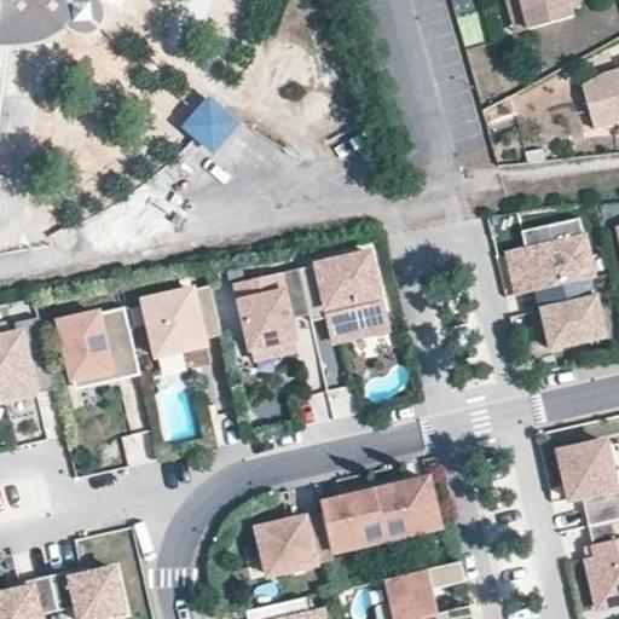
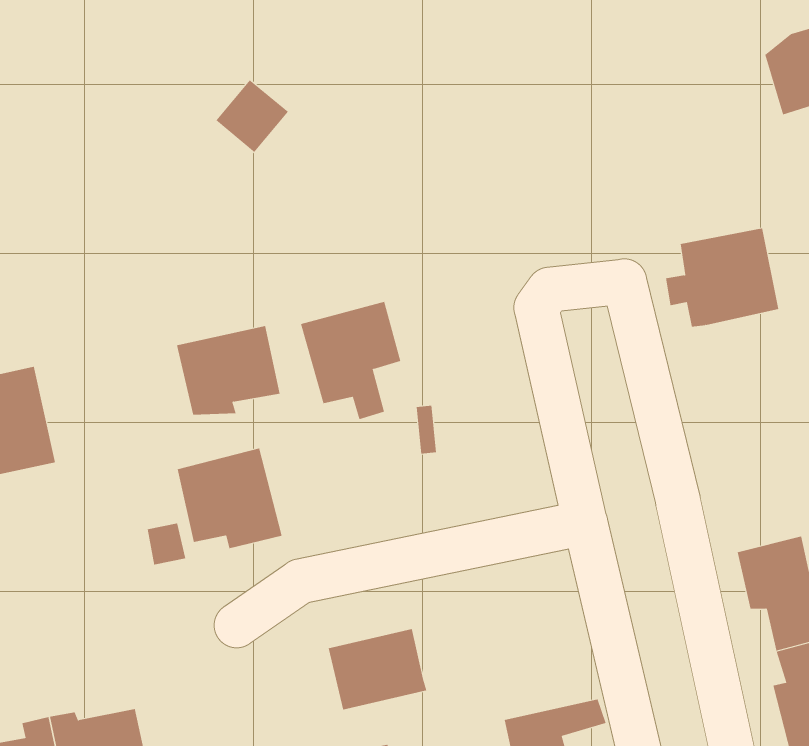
building: [297,255,387,342] -> none
building: [536,274,603,345] -> none
building: [59,305,138,380] -> [177,448,283,549]
building: [318,474,441,557] -> none

